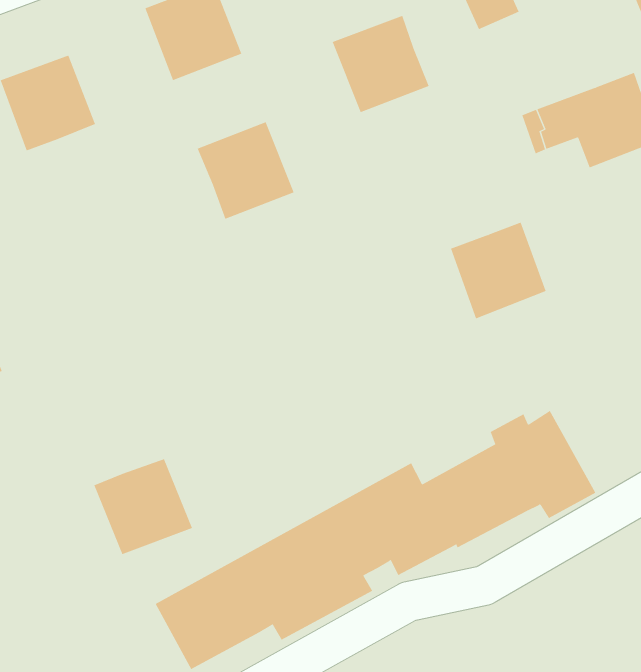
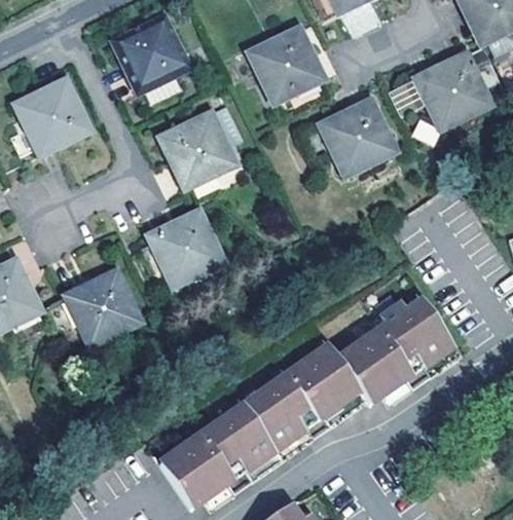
building: [450,222,547,319] -> [319,99,390,171]
building: none -> [147,210,221,282]
building: [93,459,193,555] -> [65,268,138,339]

